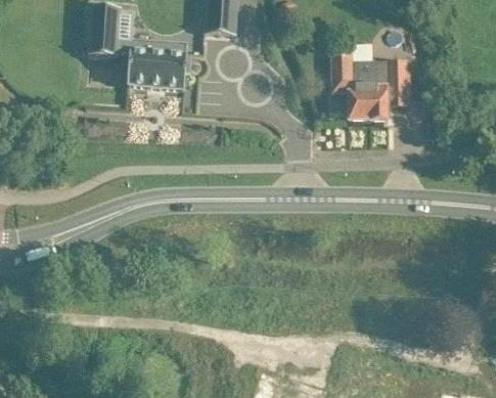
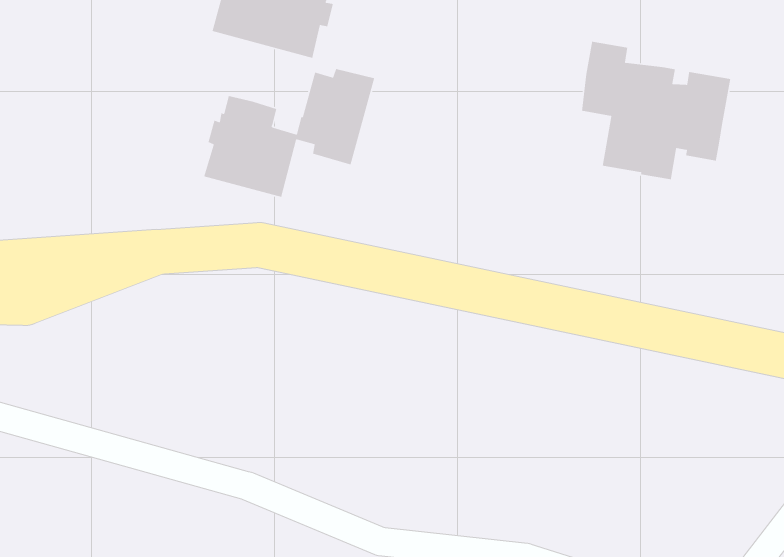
building: none -> [203,68,375,198]

